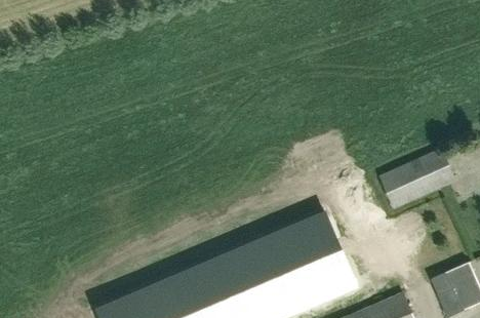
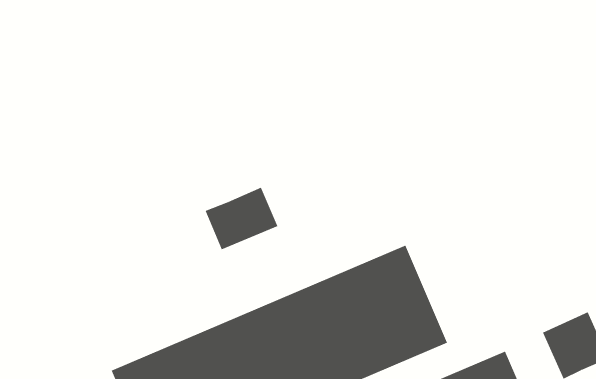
building: [379,149,456,209] -> none
building: none -> [205,187,278,250]

